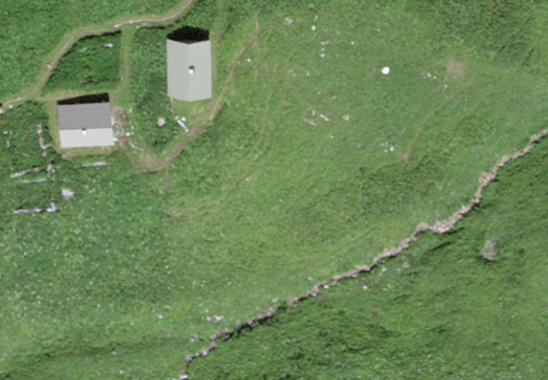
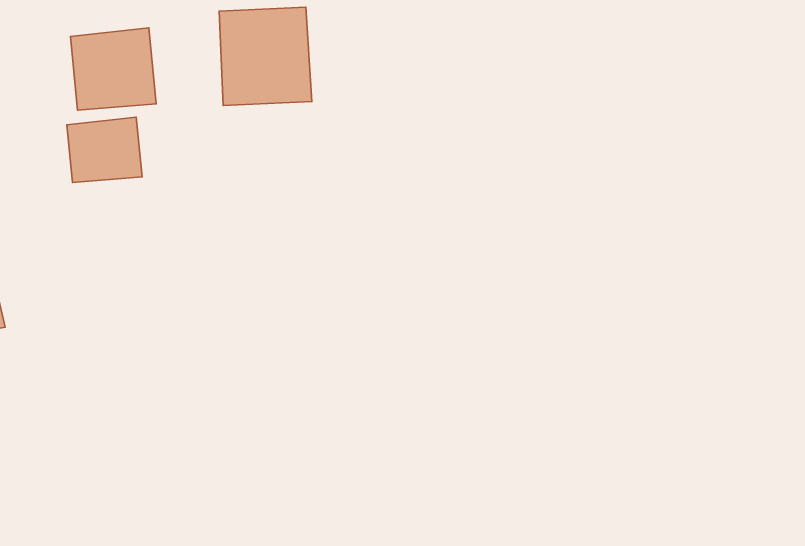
building: none -> [71,28,156,110]

